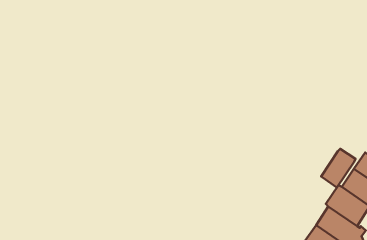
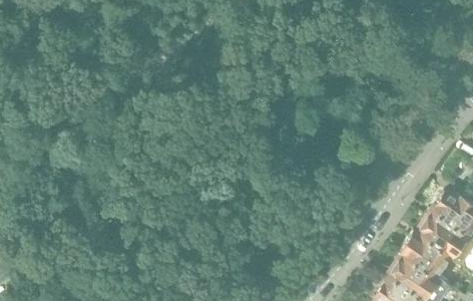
building: [321,149,355,188] -> none

